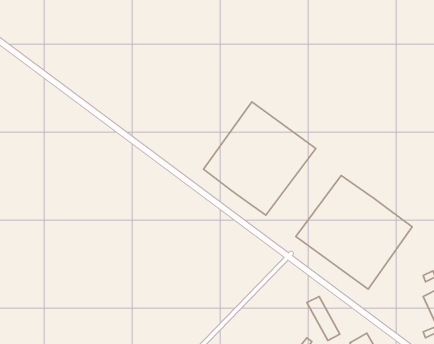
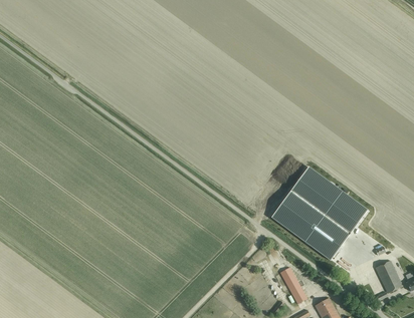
building: [203,102,316,215] -> none

